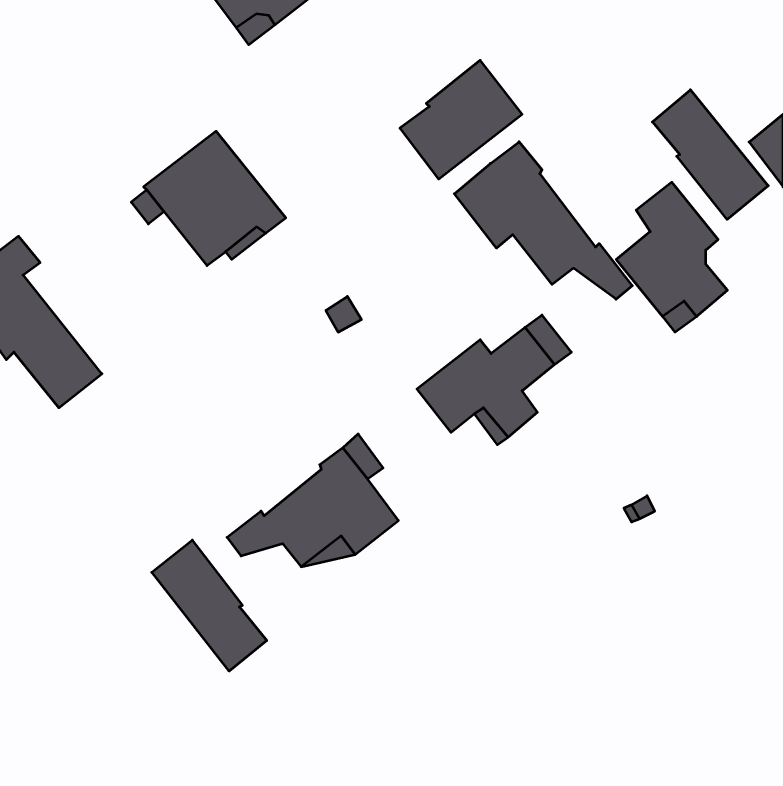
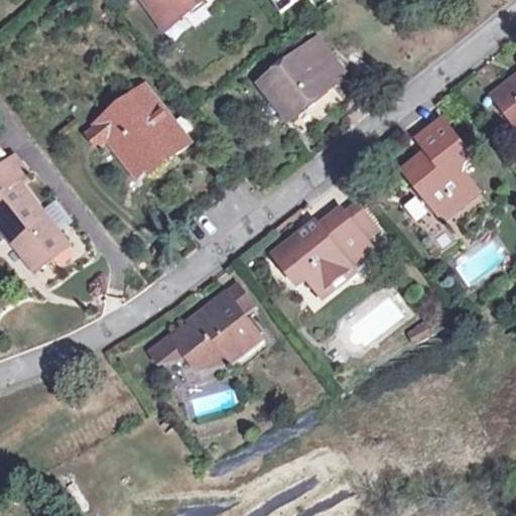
building: [652,90,768,219] -> none
building: [454,142,632,299] -> none
building: [152,540,267,671] -> none

